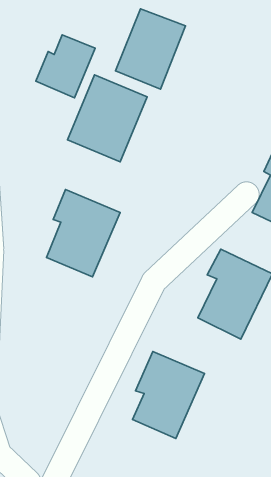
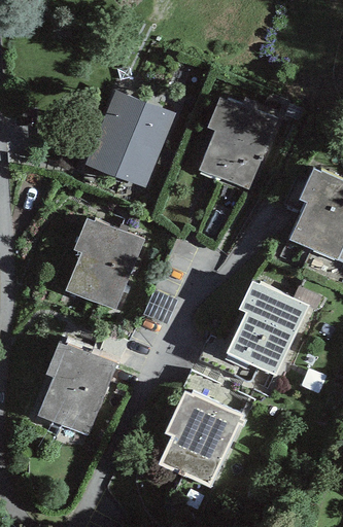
building: [116,9,185,89] -> [191,97,266,183]
building: [36,35,95,98] -> none
building: none -> [40,341,117,433]

